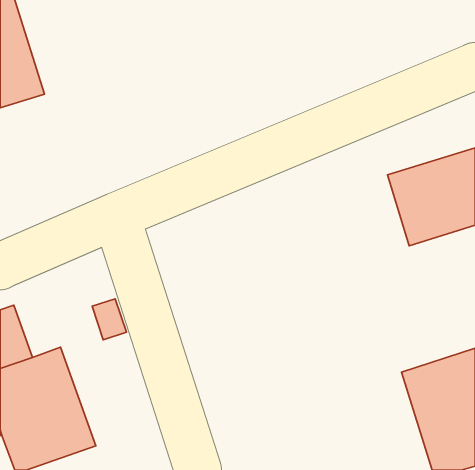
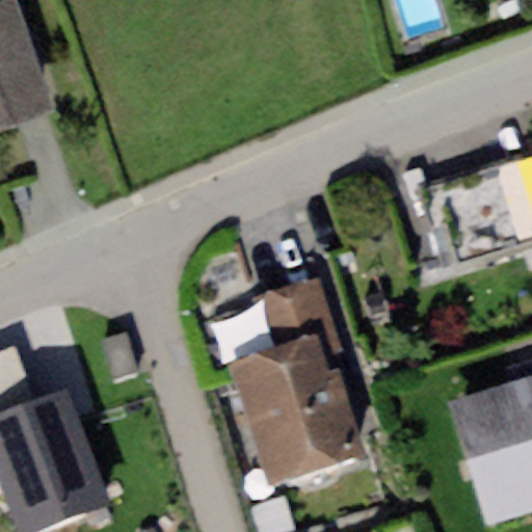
building: none -> [225,275,366,482]

